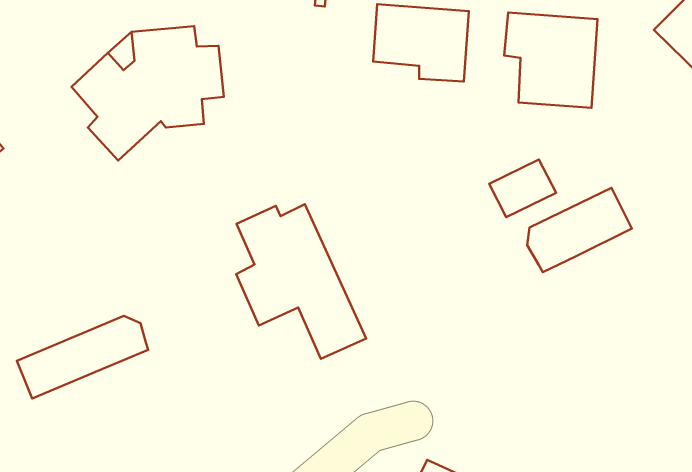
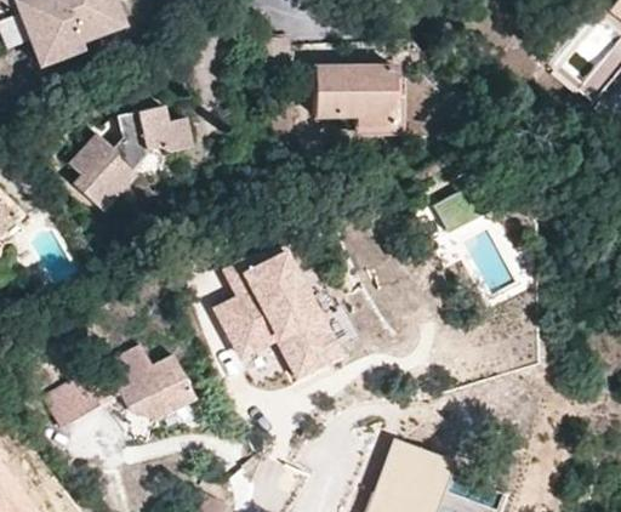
building: [504,13,597,108] -> none
building: [527,188,632,272] -> none
building: none -> [120,358,196,423]

